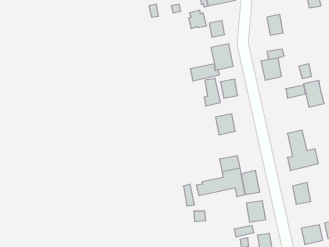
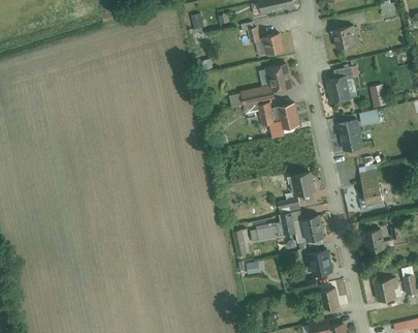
building: [304,80,324,107] -> [339,119,363,151]
building: [215,114,235,135] -> [292,171,316,195]

